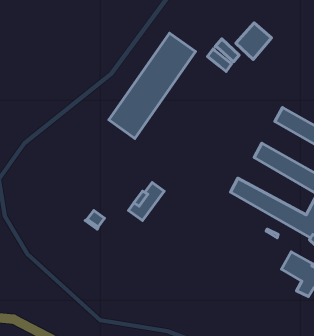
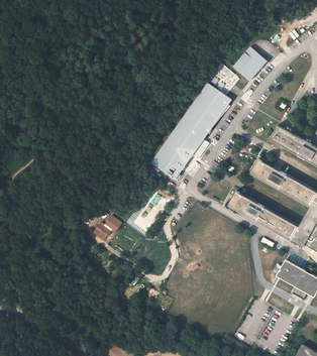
building: [109,33,196,138] -> [150,82,231,180]

